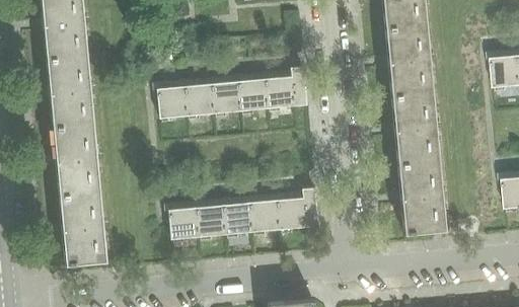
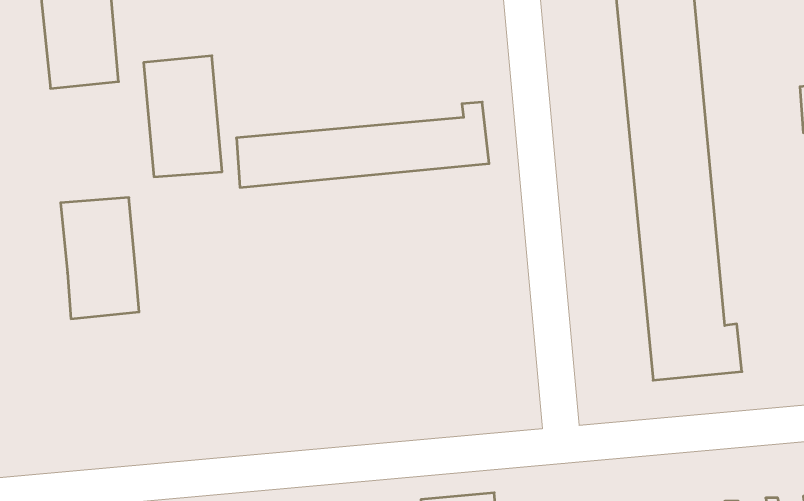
building: [48,55,94,127] -> [144,56,222,177]
building: [167,187,318,239] -> none
building: [60,191,106,263] -> none

